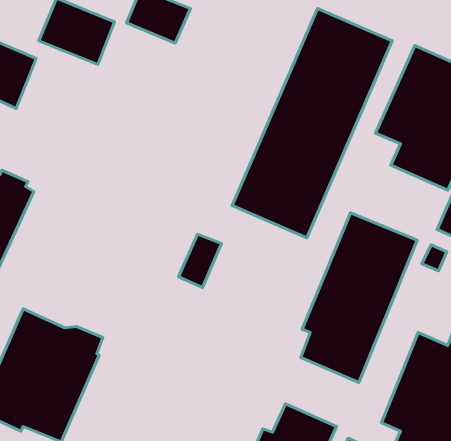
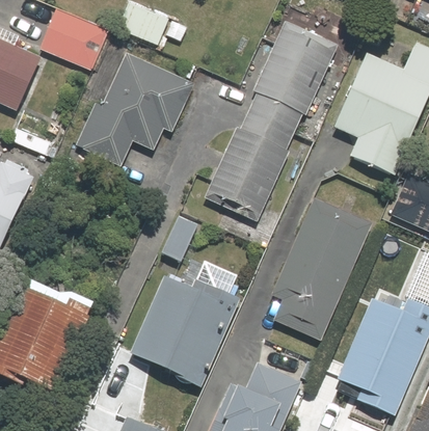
building: none -> [71,47,202,189]
building: none -> [129,276,242,389]

